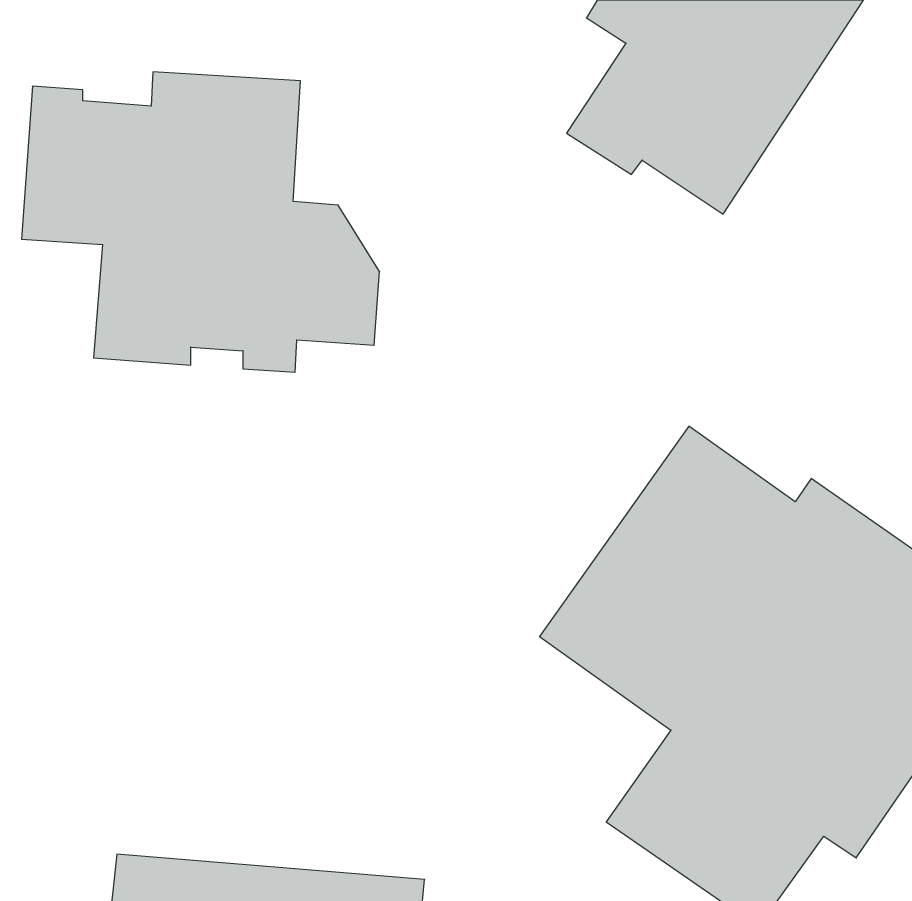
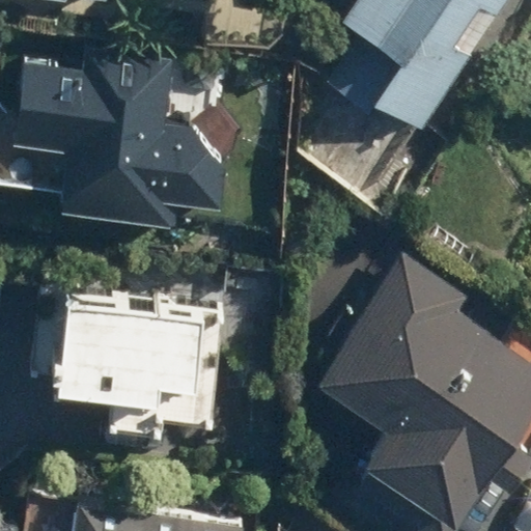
building: none -> [30,298,222,436]

